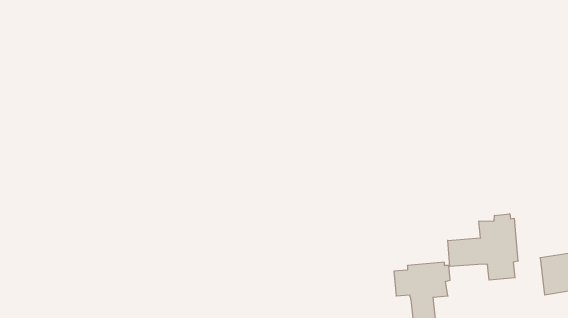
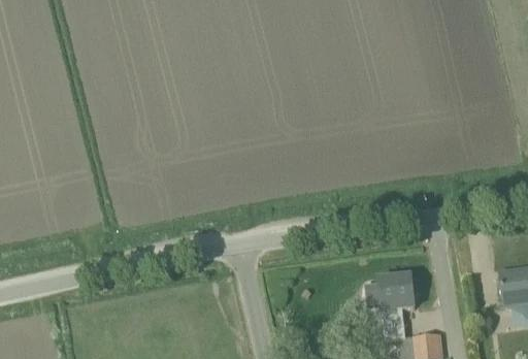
building: [448,214,518,280] -> none

